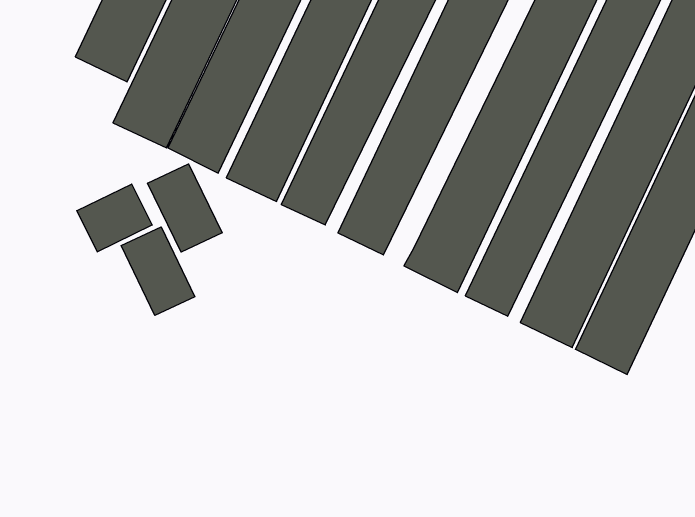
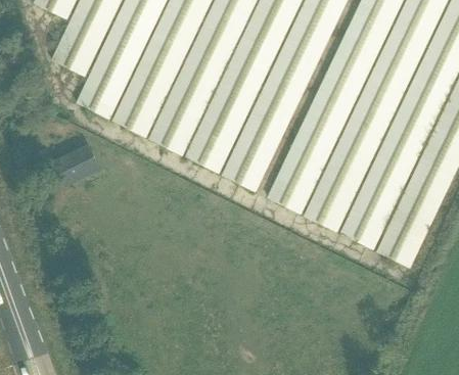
building: [148,164,222,252] -> none
building: [121,227,195,315] -> none

